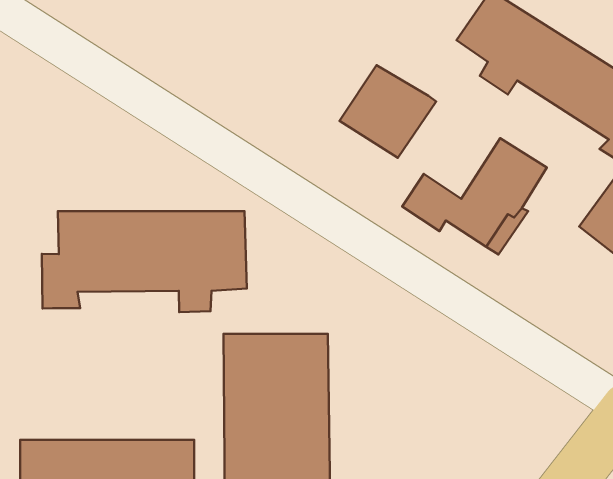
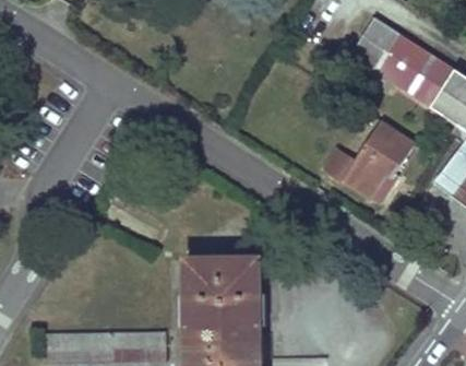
building: [339,65,436,158] -> none
building: [42,211,247,312] -> none

